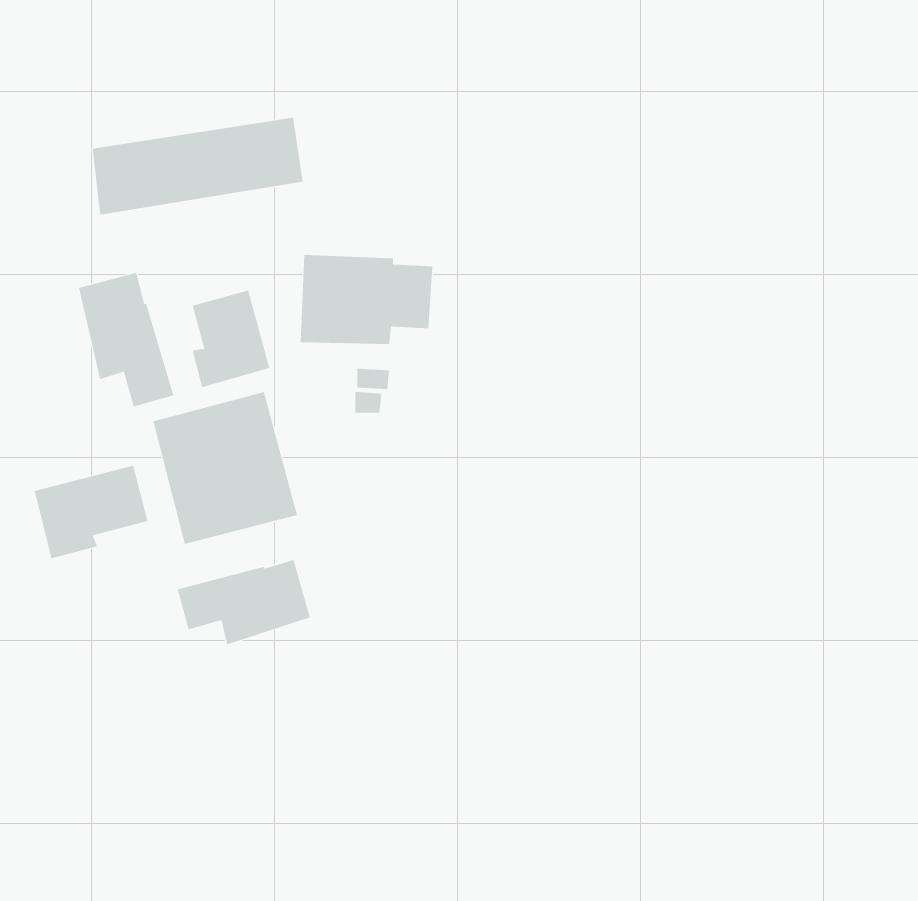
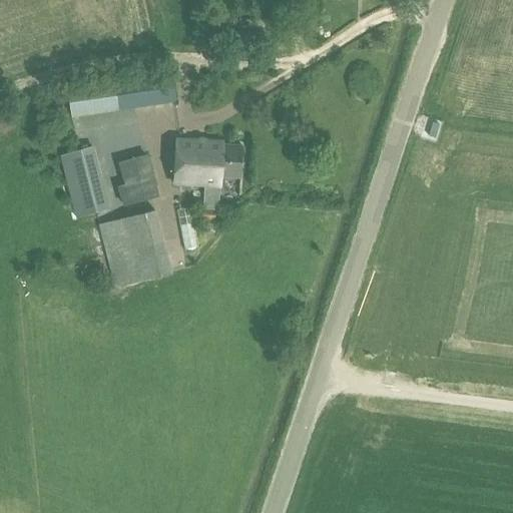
building: [34,465,148,559] -> none
building: [177,559,311,645] -> none

